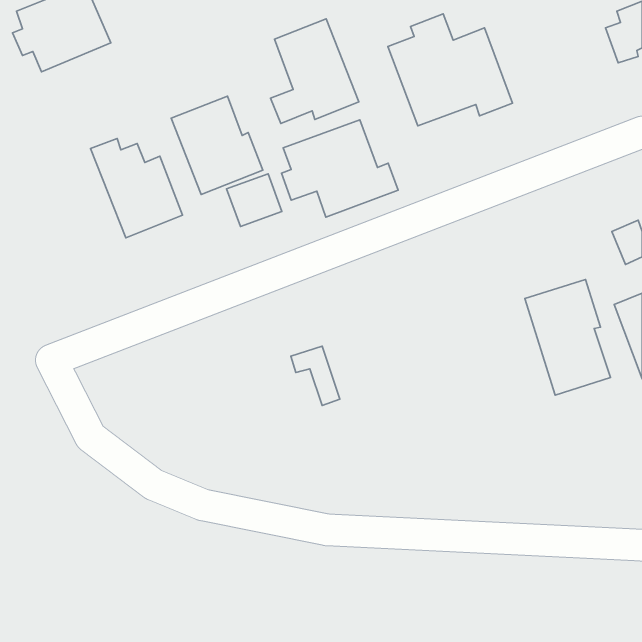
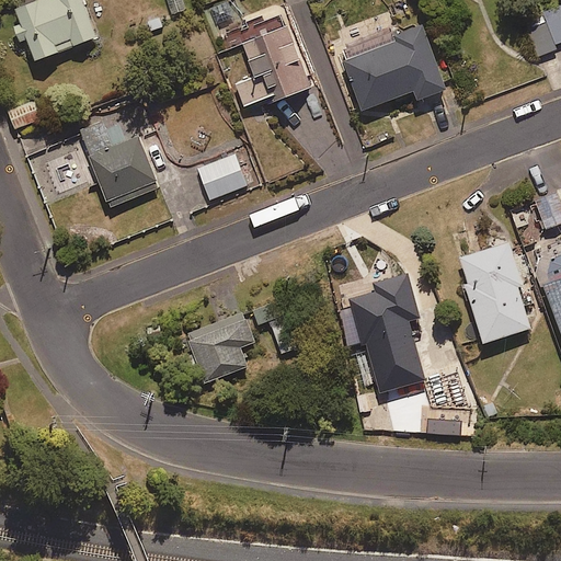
building: [171,96,263,194] -> none
building: [281,120,398,217] -> none
building: none -> [347,273,424,392]
building: none -> [187,312,255,382]

